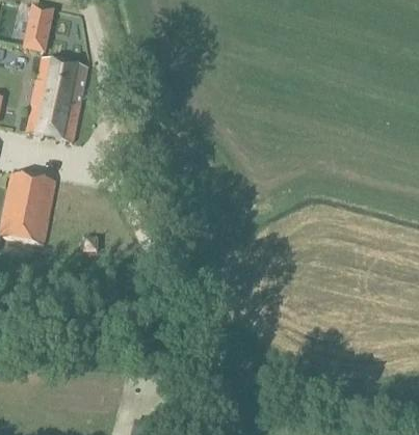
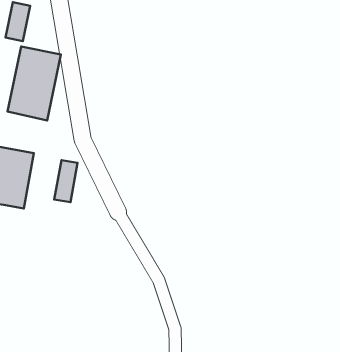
building: none -> [54,160,78,202]

